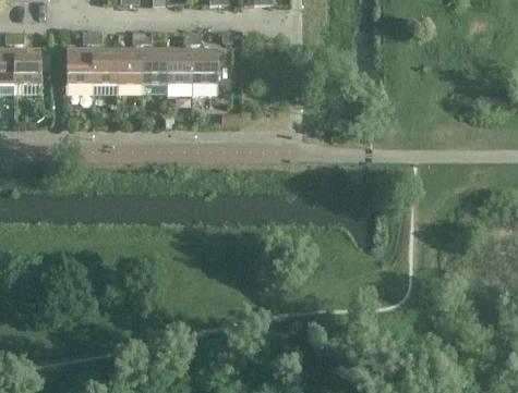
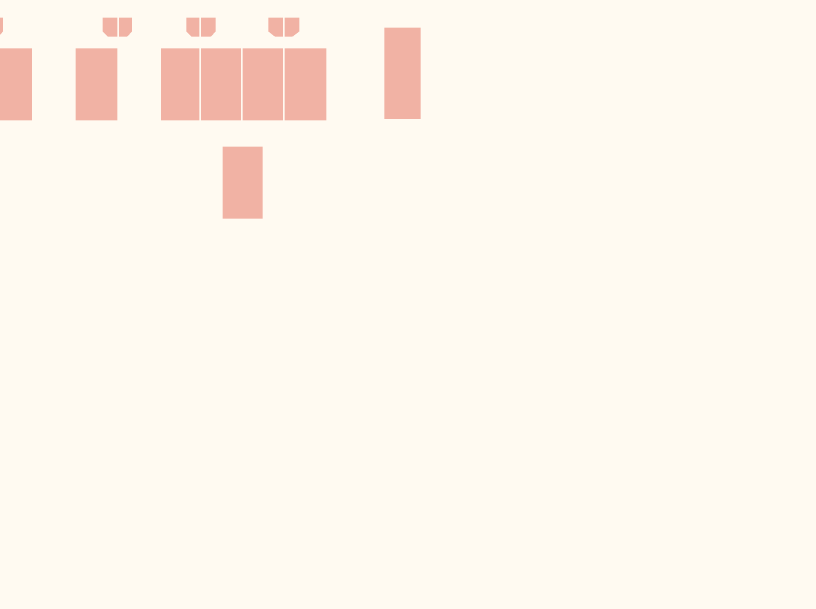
building: none -> [384,27,421,120]
building: [94,48,119,91] -> [222,146,264,219]

